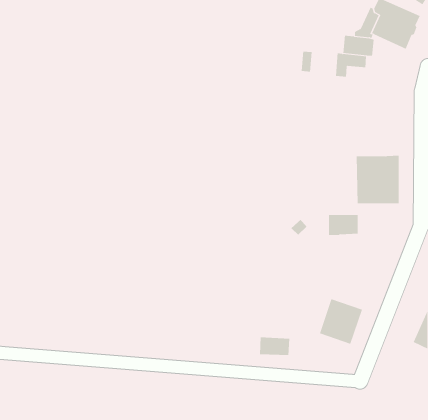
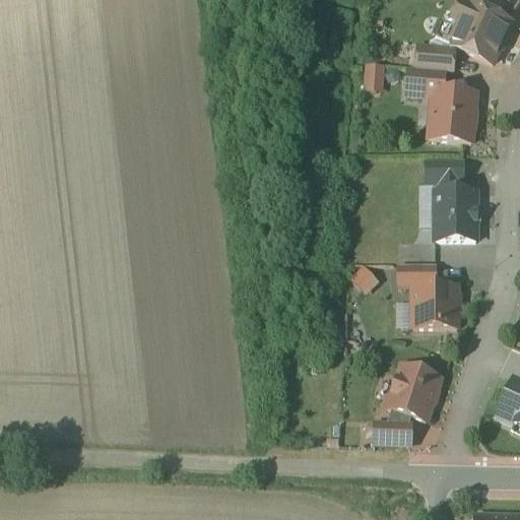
building: none -> [429,86,475,139]
building: none -> [427,160,468,189]
building: none -> [412,283,457,324]
building: [259,337,290,355] -> [374,418,411,441]

